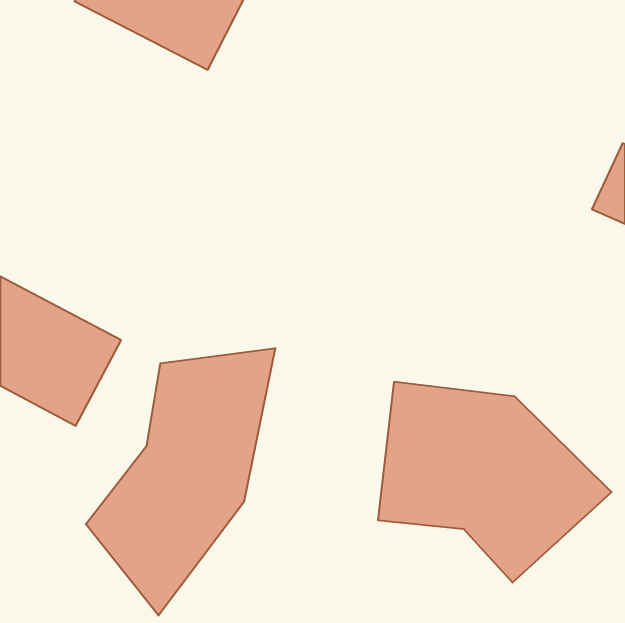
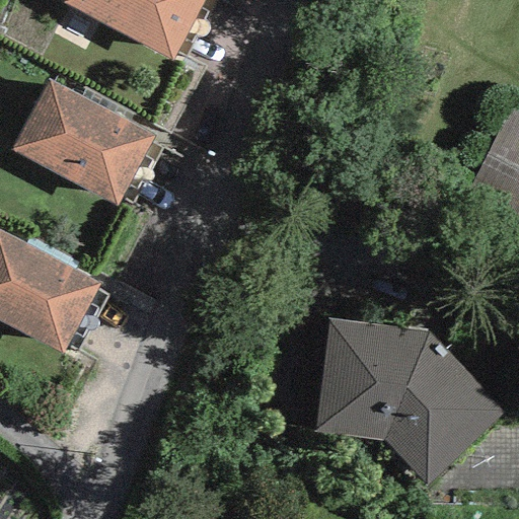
building: none -> [10,80,154,207]
building: [86,348,275,616] -> none

